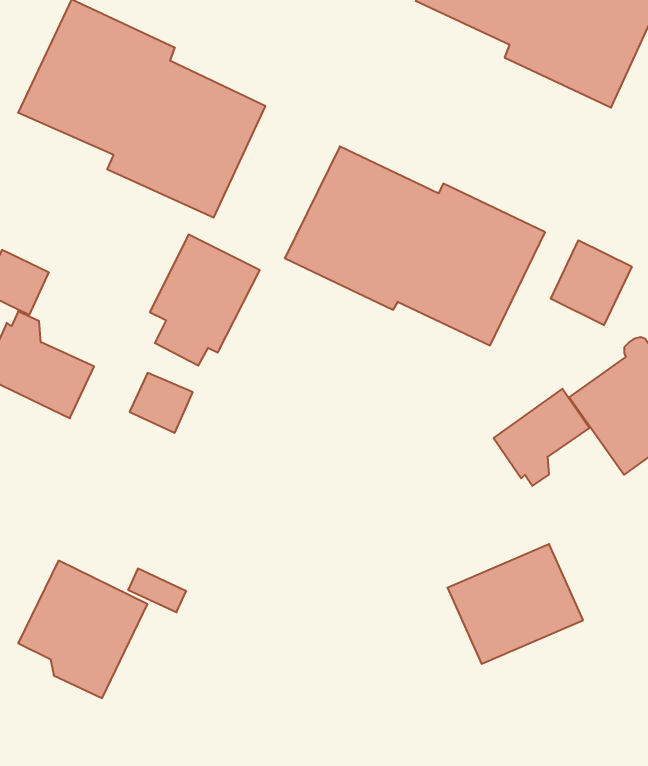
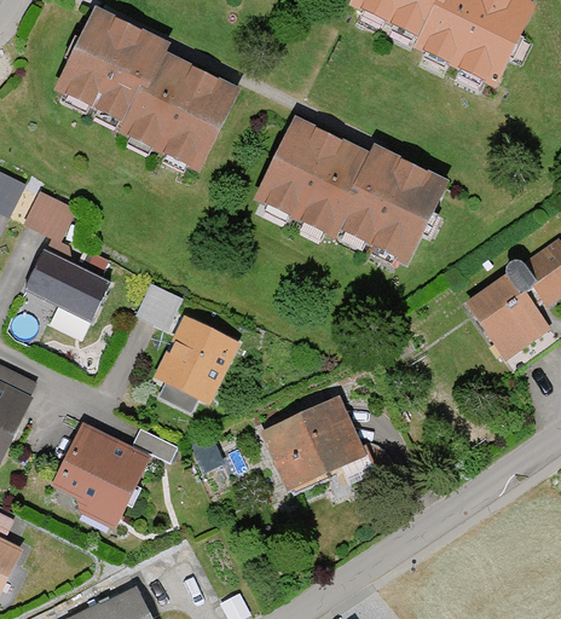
building: [150,235,260,366] -> [155,316,237,413]
building: [551,240,632,325] -> none
building: [494,389,590,486] -> none
building: [447,544,583,664] -> [261,399,363,488]

